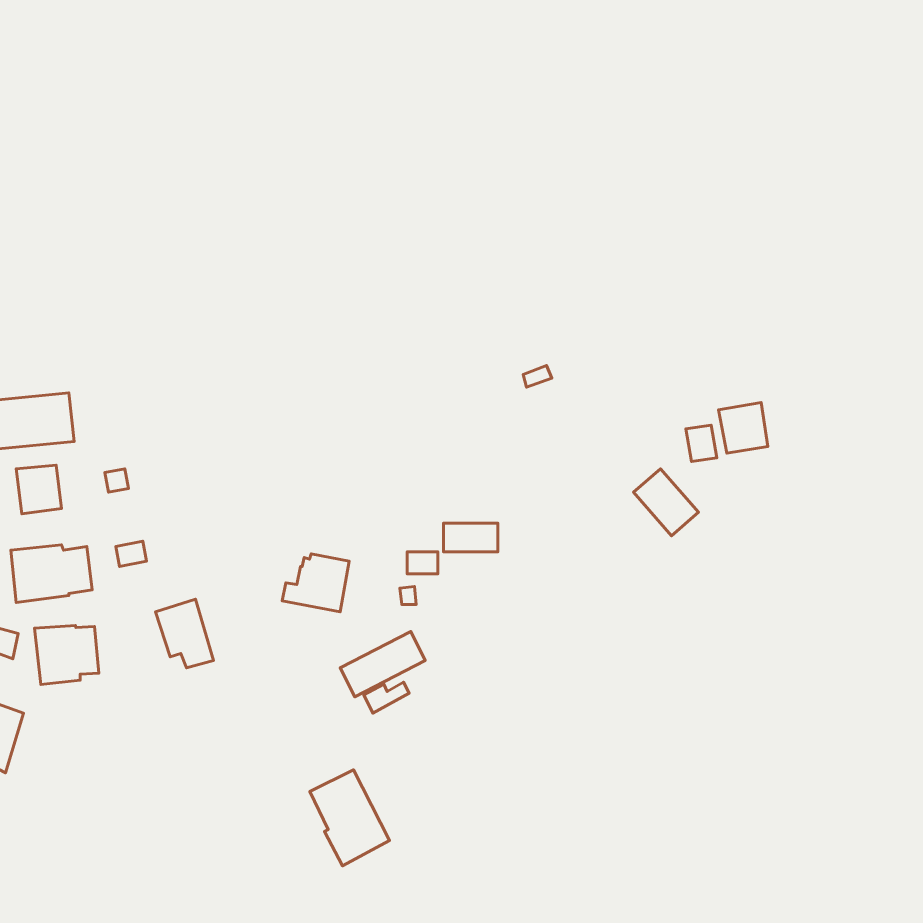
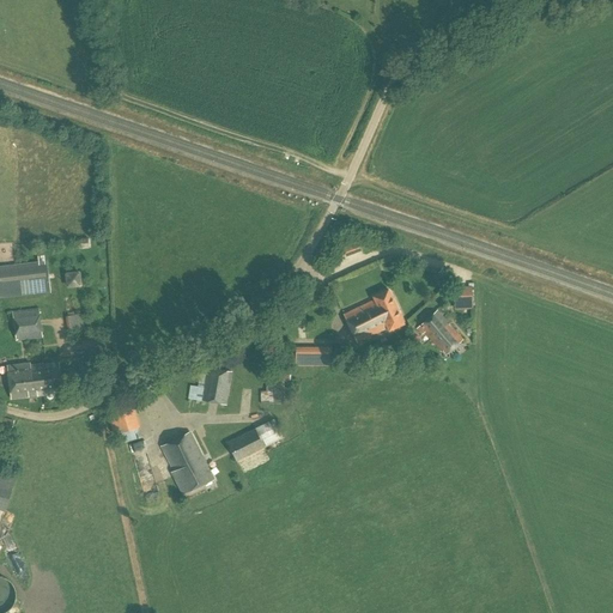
building: [719,403,768,453] -> none
building: none -> [342,289,403,342]
building: [35,625,99,684] -> none
building: [310,770,390,866] -> [160,431,213,494]

